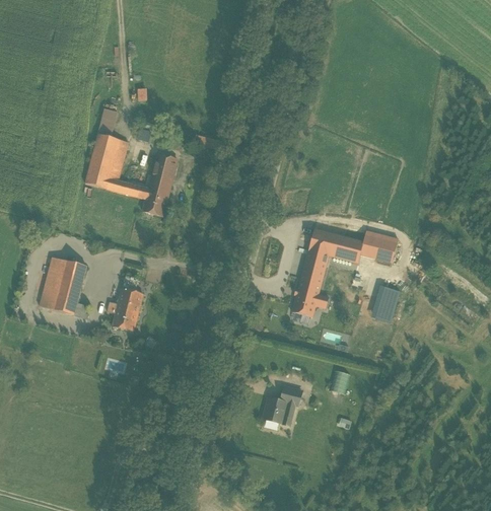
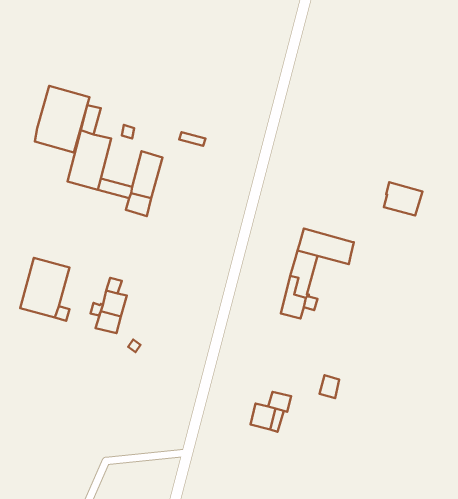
building: none -> [35,86,89,152]
building: [360,230,398,263] -> [384,182,423,216]
building: [371,286,400,322] -> none

